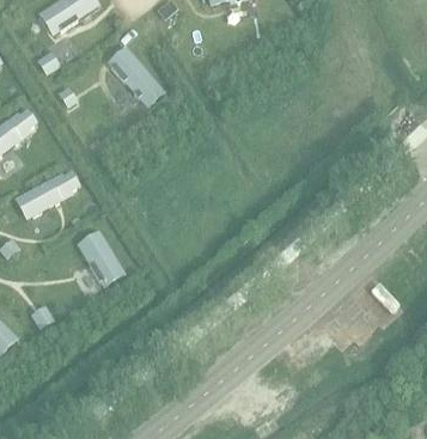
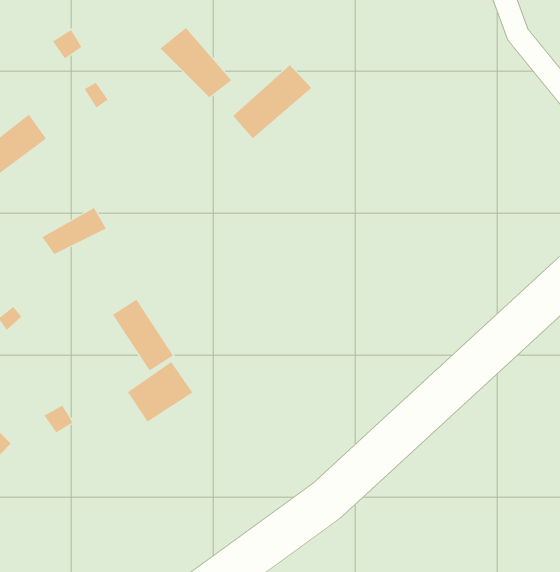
building: none -> [233,65,312,139]
building: none -> [127,361,193,423]

